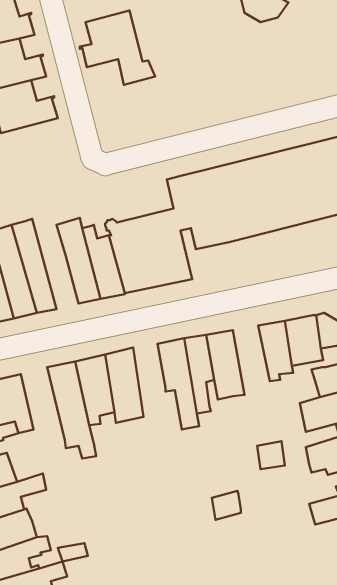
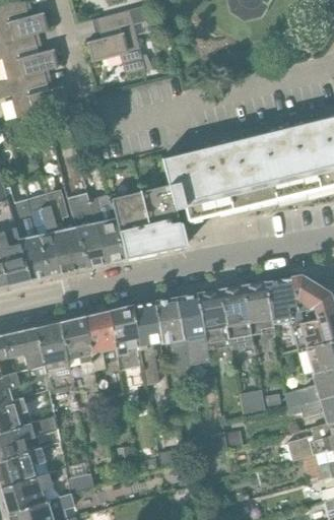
building: none -> [42,174,86,272]
building: none -> [221,286,256,350]
building: none -> [134,303,162,385]
building: none -> [36,323,74,392]

